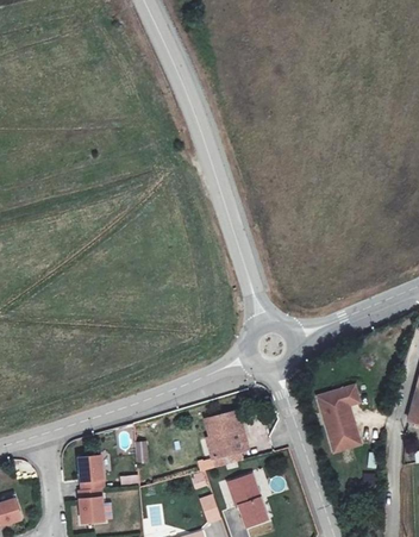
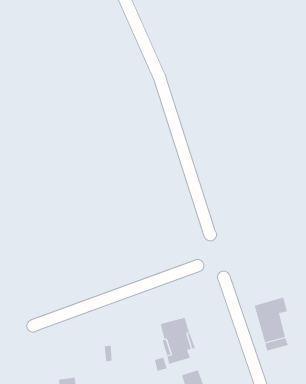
building: [77,452,102,487] -> none

